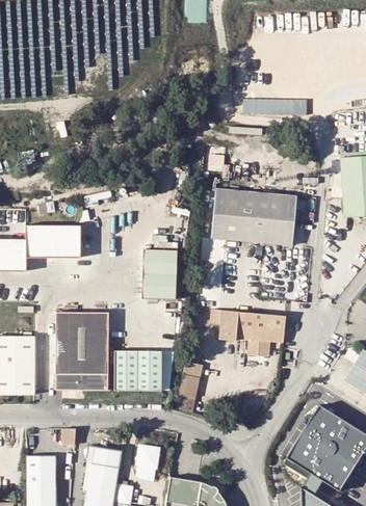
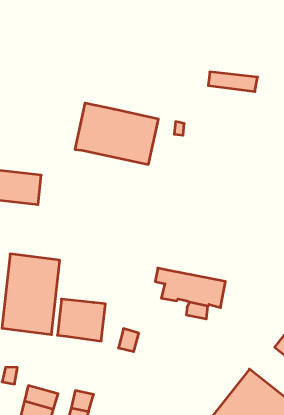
building: [212,188,296,245] -> [75,103,158,164]
building: [142,249,176,300] -> none

